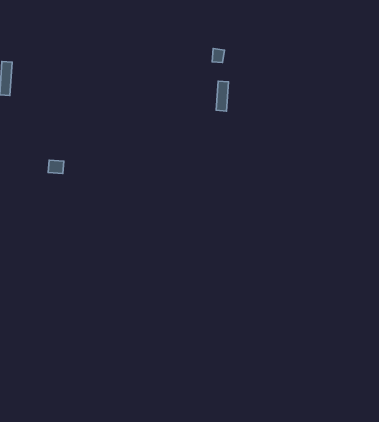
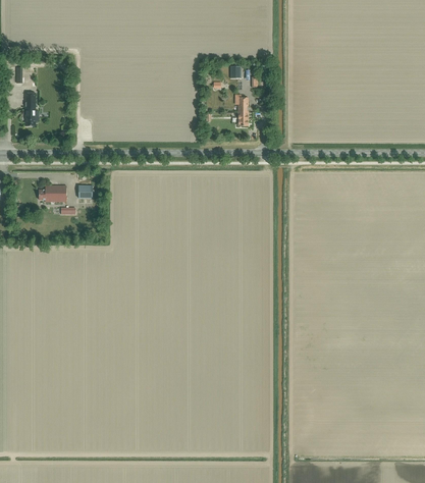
building: none -> [38,185,65,202]

